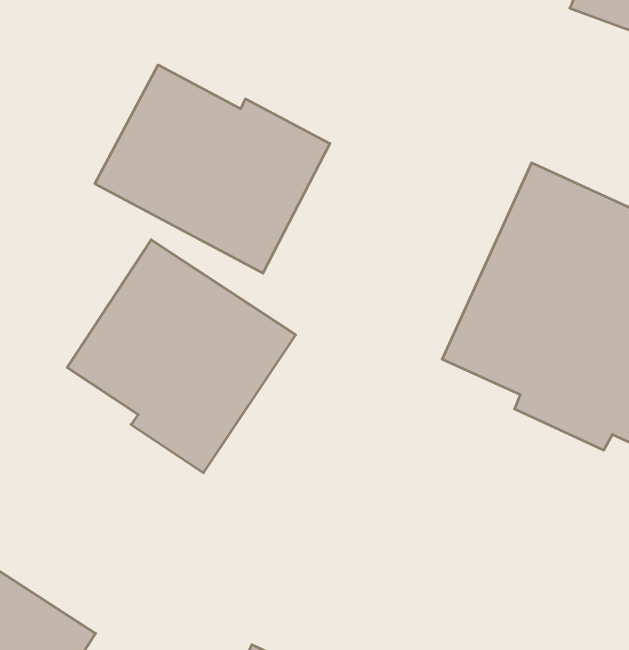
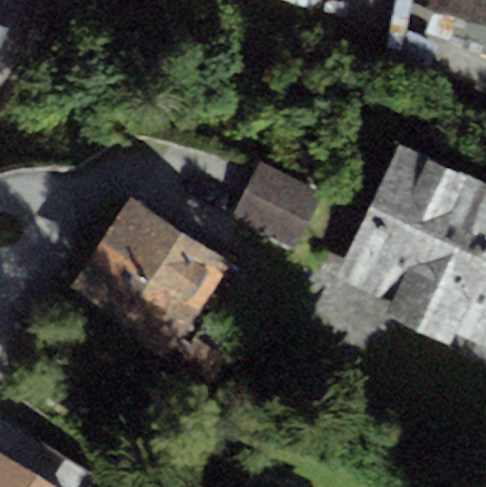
building: [95,65,330,273] -> none
building: none -> [232,164,322,250]

